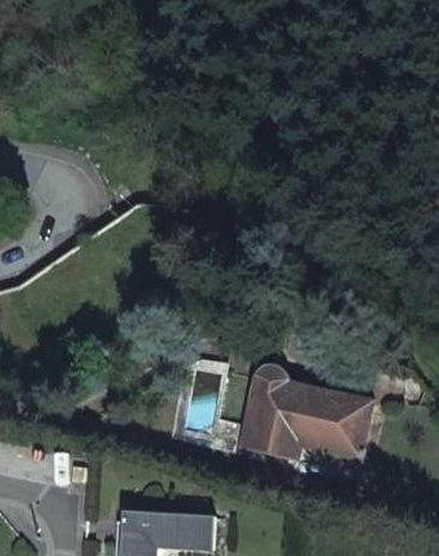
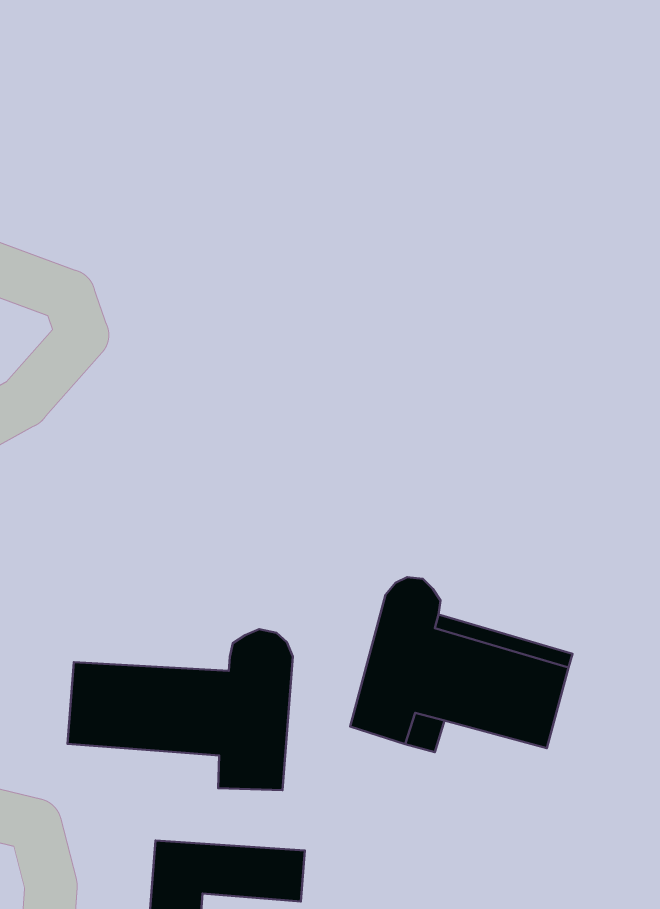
building: none -> [68,629,293,790]

